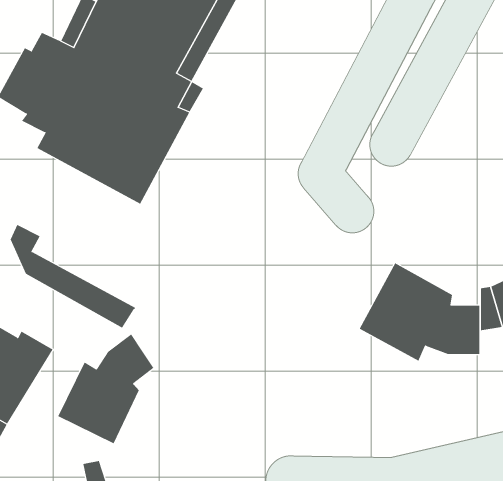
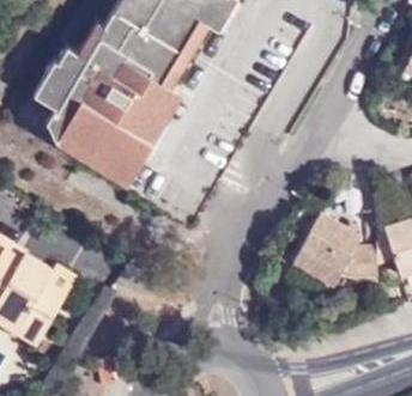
building: [10,224,136,328] -> [52,114,140,187]
building: [57,333,154,444] -> none

